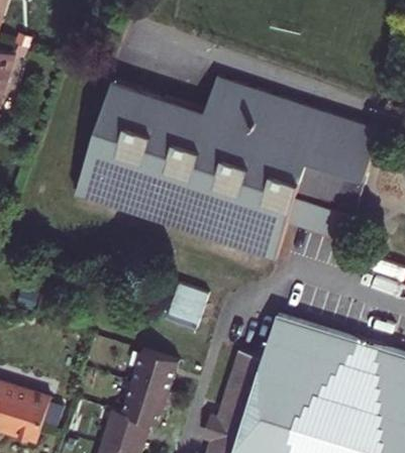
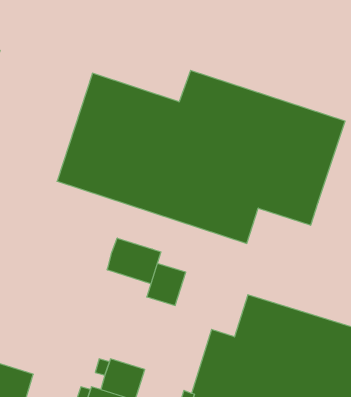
building: none -> [107,238,161,284]
building: [131,350,178,392] -> none

